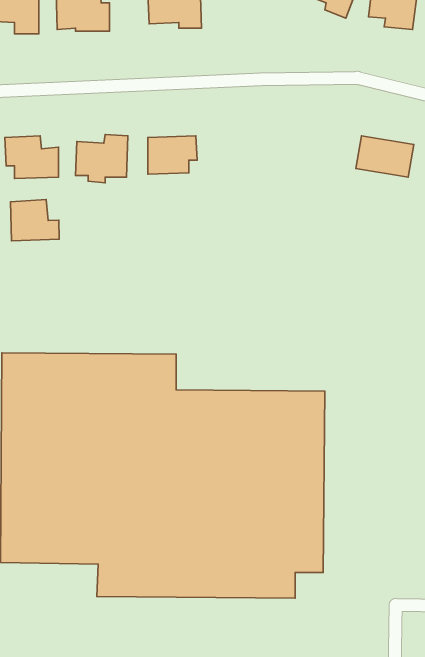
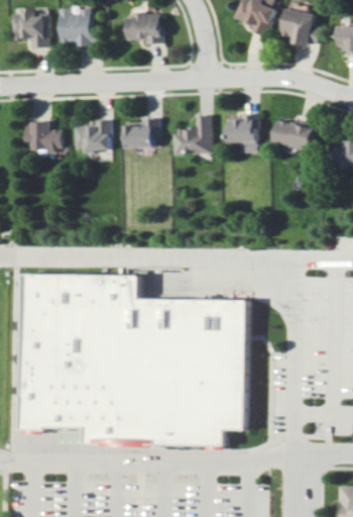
building: none -> [172,115,213,153]
building: none -> [227,115,258,152]
building: [10,199,59,241] -> none

